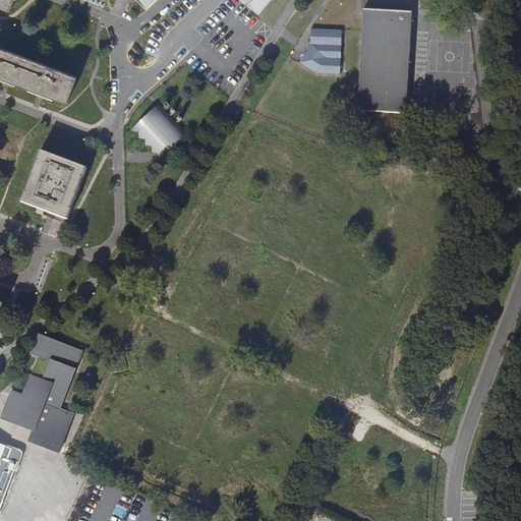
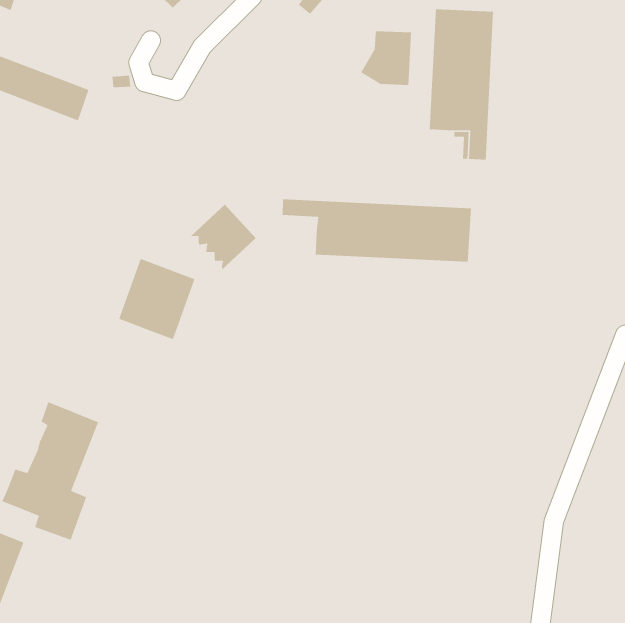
building: [131,102,186,157] -> [190,204,257,270]
building: [20,149,84,217] -> [118,258,195,340]
building: none -> [282,199,472,262]

